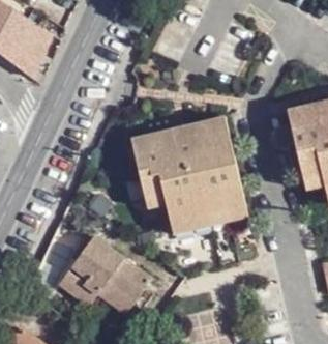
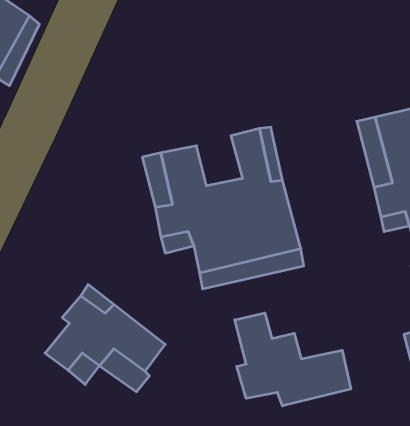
building: [171,120,204,156] -> none
building: none -> [235,313,351,406]

